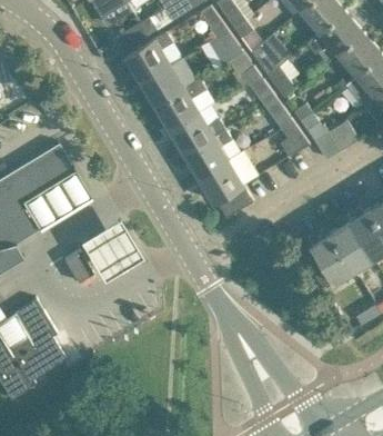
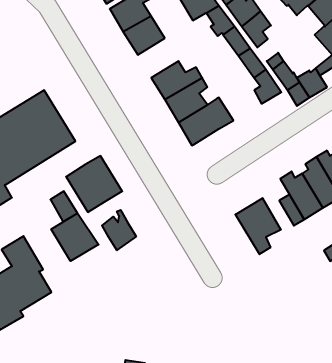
building: [158,79,209,130] -> none
building: [218,185,254,218] -> none
building: none -> [235,198,281,254]
building: none -> [102,210,136,250]
building: none -> [51,213,99,261]

